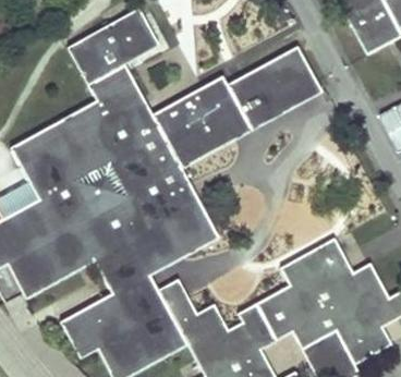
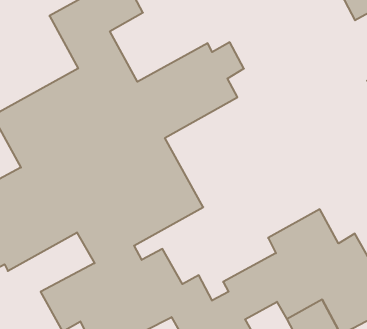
building: [242,46,320,129] -> none

